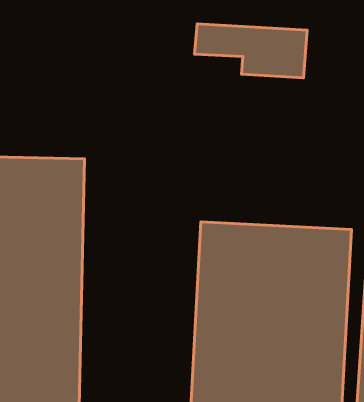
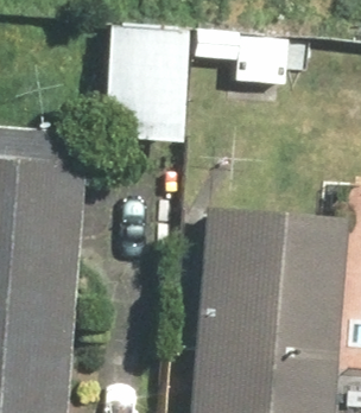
building: none -> [96,23,180,131]

